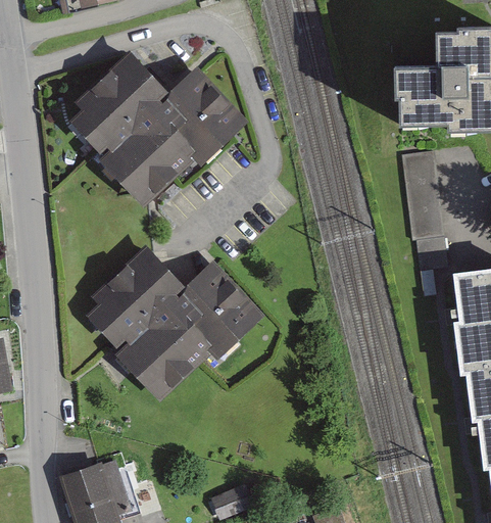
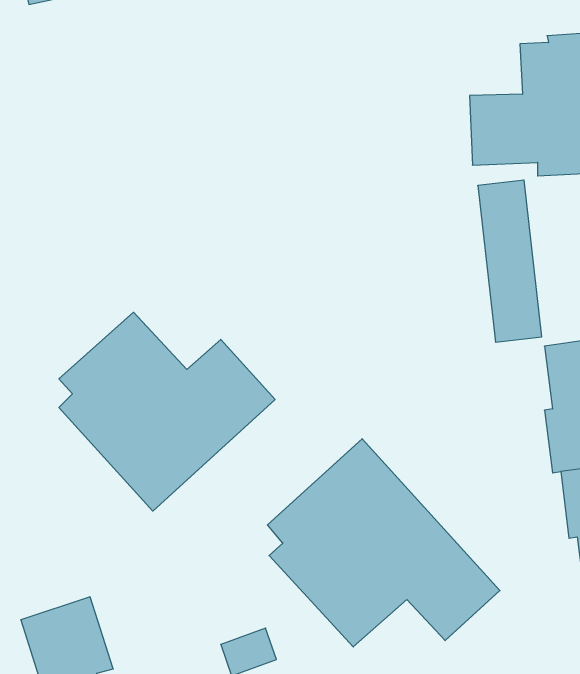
building: [69,53,251,204] -> none
building: none -> [267,439,500,647]

